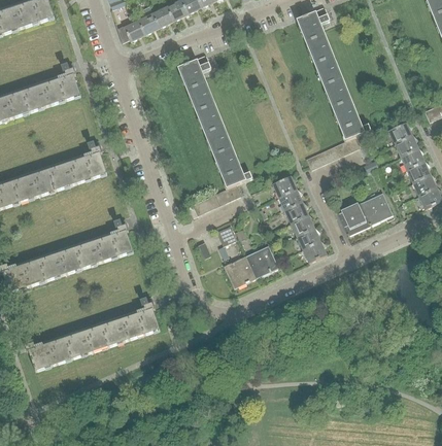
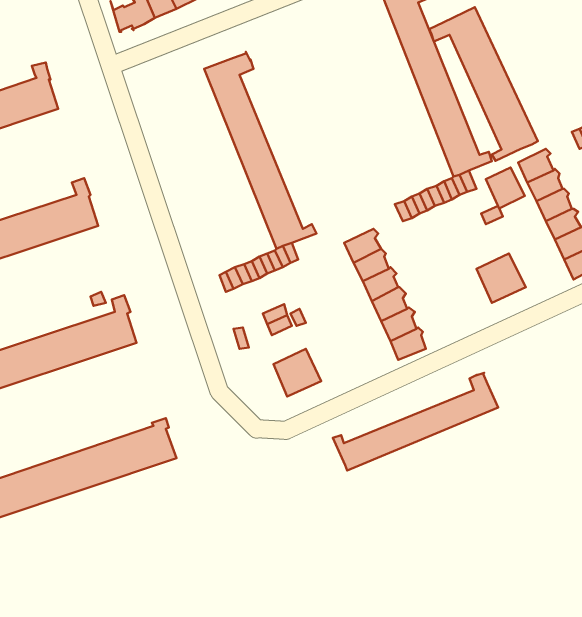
building: none -> [429,7,538,161]
building: none -> [486,167,525,209]
building: [338,202,371,235] -> none
building: [246,245,279,277] -> none
building: none -> [333,373,498,471]

